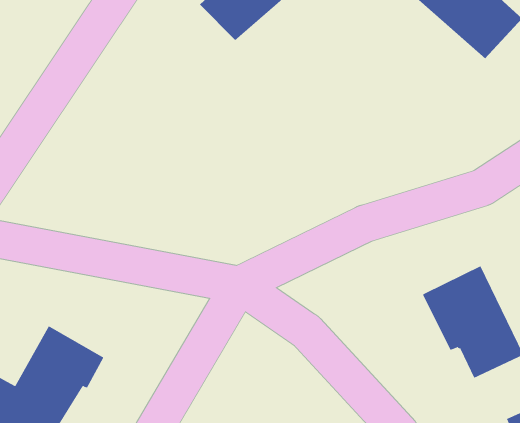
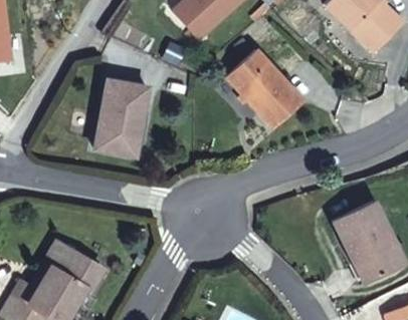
building: none -> [227,50,301,124]
building: none -> [94,81,147,155]

